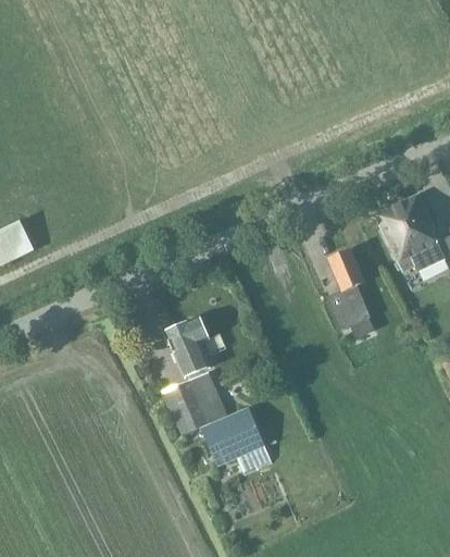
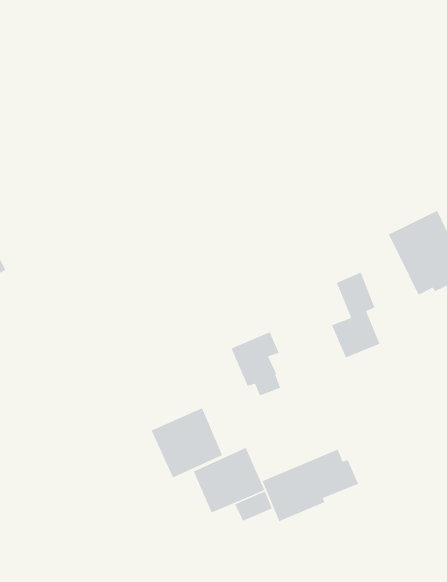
building: [164,317,210,375] -> [230,331,281,397]
building: none -> [261,449,359,522]

